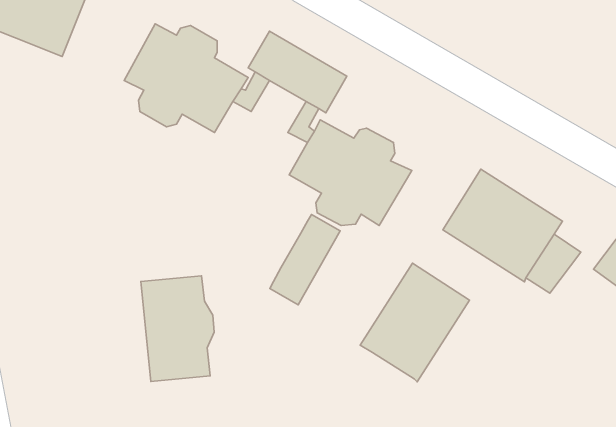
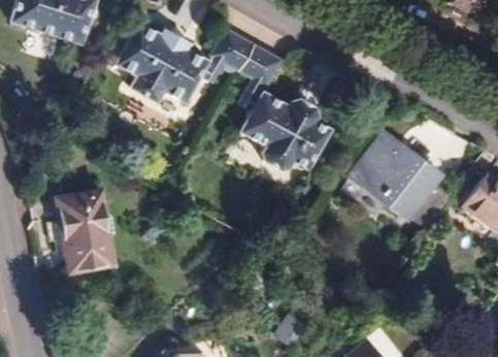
building: [270,214,340,305] -> none
building: [360,263,469,382] -> none
building: [141,276,214,382] -> [65,195,119,272]

